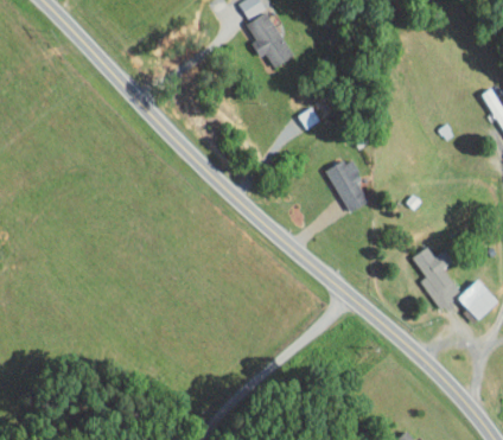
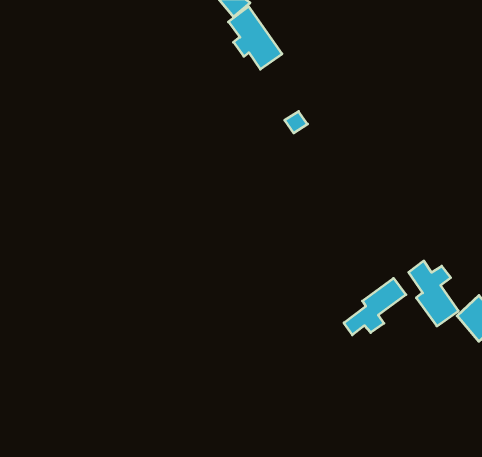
building: [327,158,369,211] -> none
building: none -> [344,278,406,335]

